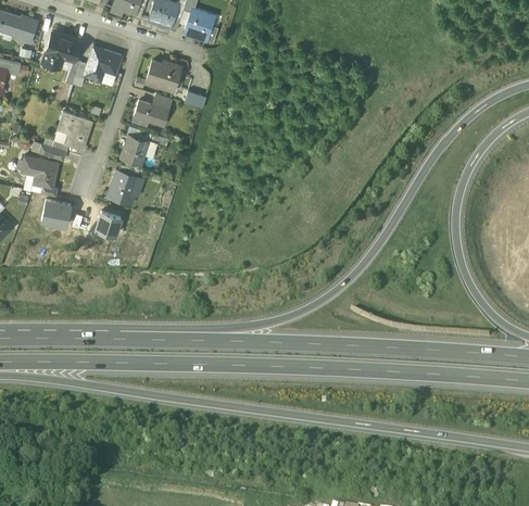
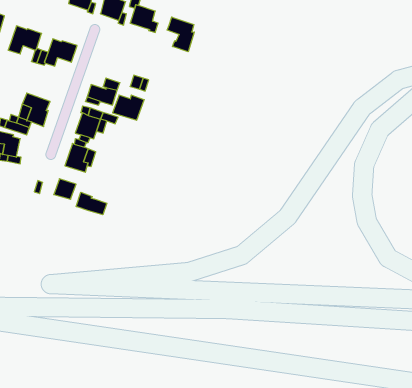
building: none -> [167,17,194,52]
building: [146,61,182,90] -> [113,95,144,120]
building: [41,199,72,225] -> none
building: none -> [76,192,107,215]

